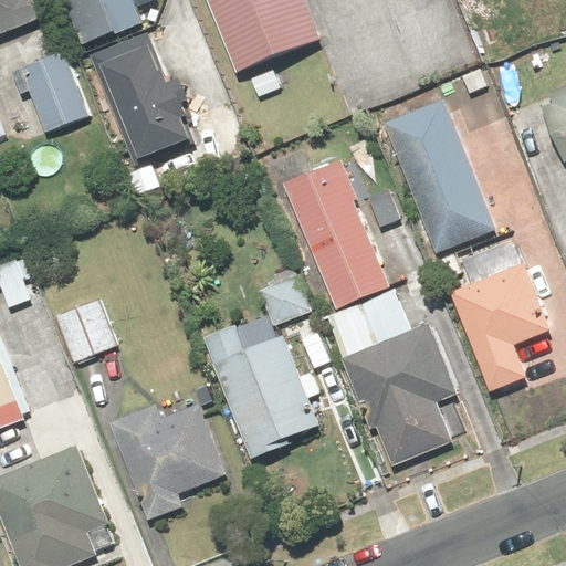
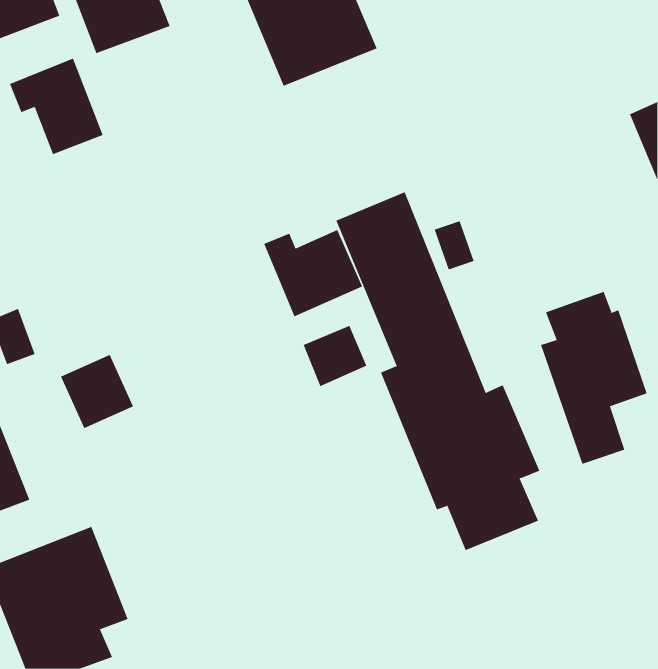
building: [86,33,197,169] -> none
building: [380,97,493,252] -> none
building: none -> [263,229,363,317]
building: [205,323,318,460] -> none
building: [111,400,224,522] -> none

